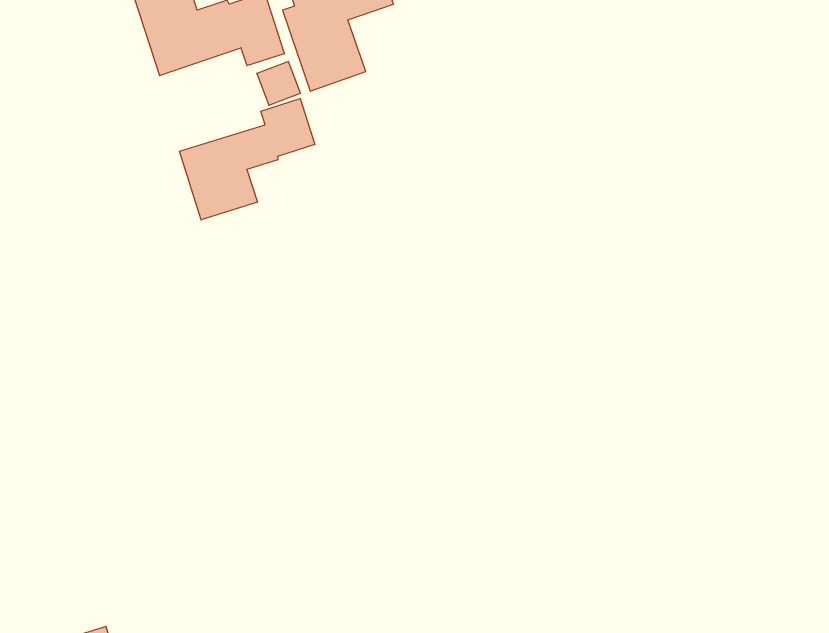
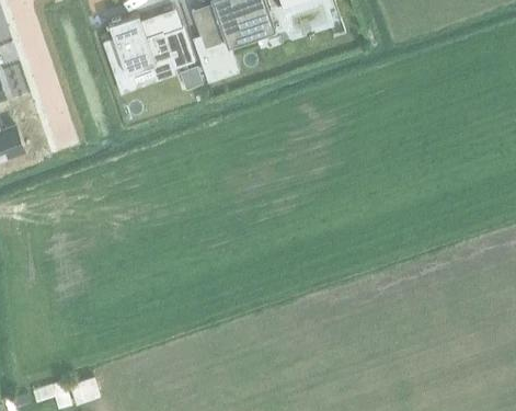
building: [179,98,315,220] -> none

